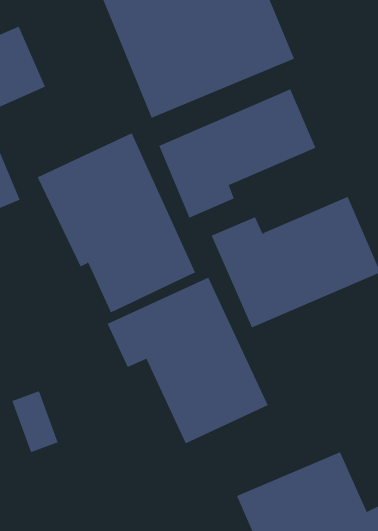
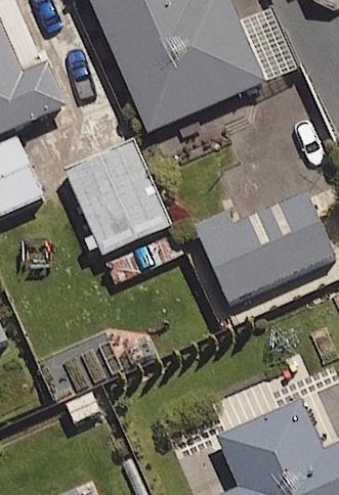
building: [158,88,316,218] -> none
building: [107,277,269,444] -> none

